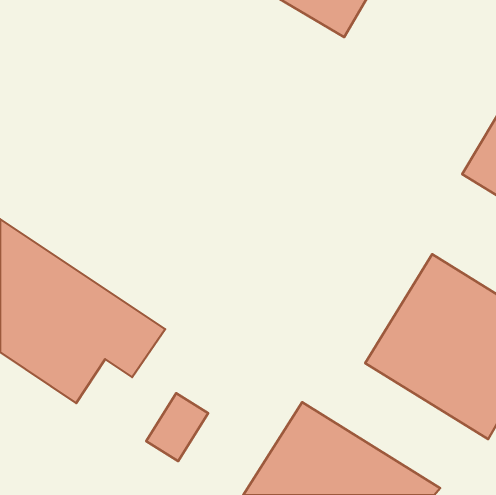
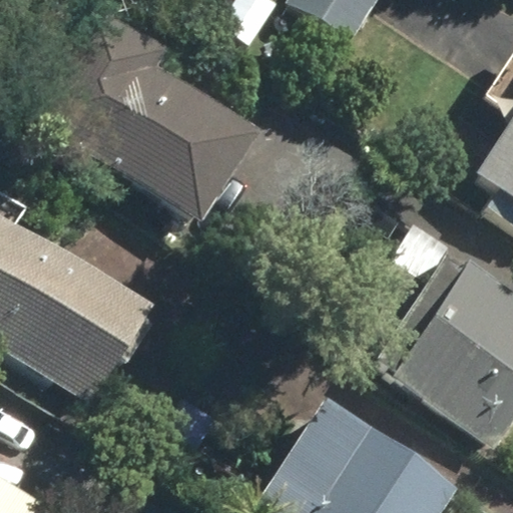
building: none -> [54,39,260,226]

